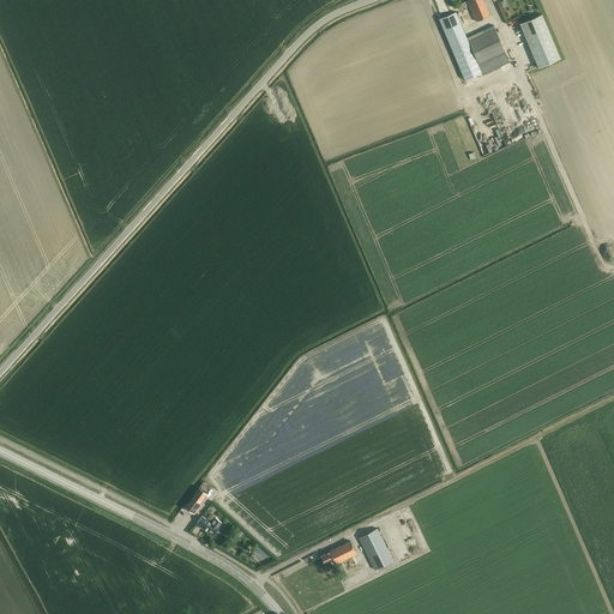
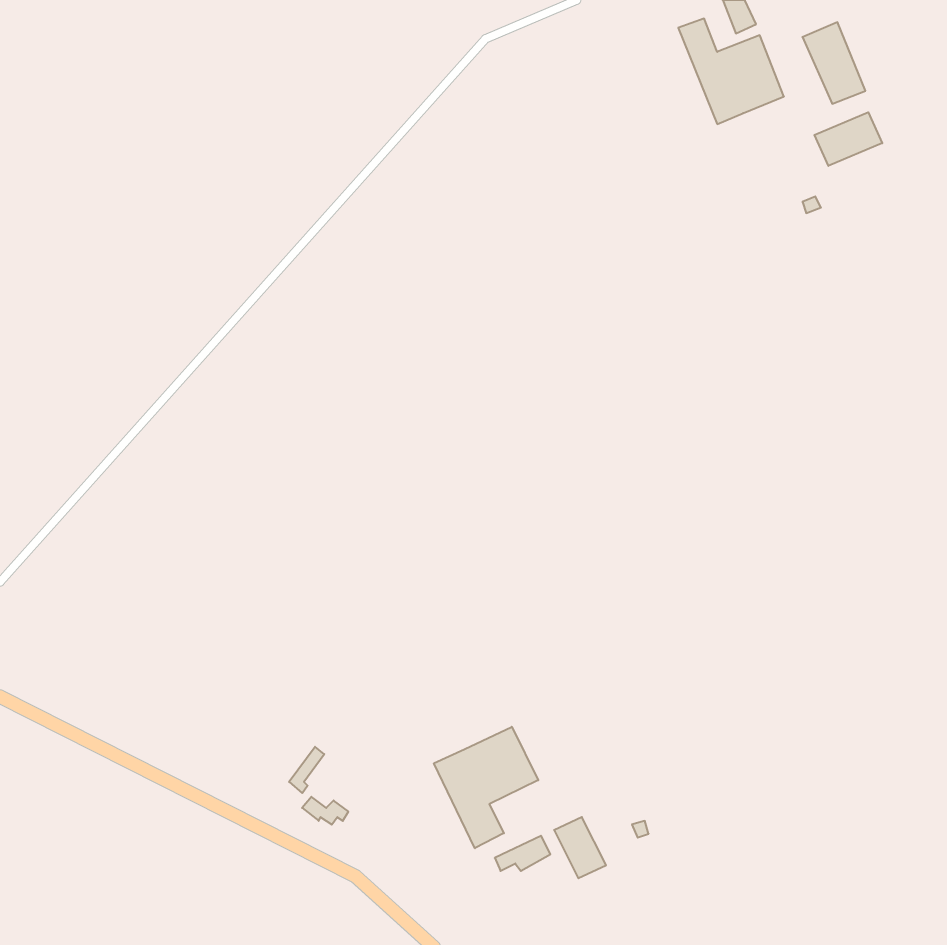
building: none -> [814,112,882,166]
building: none -> [434,727,538,848]

